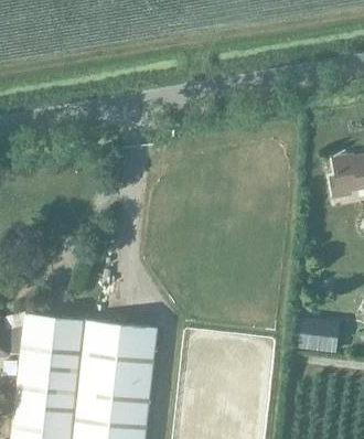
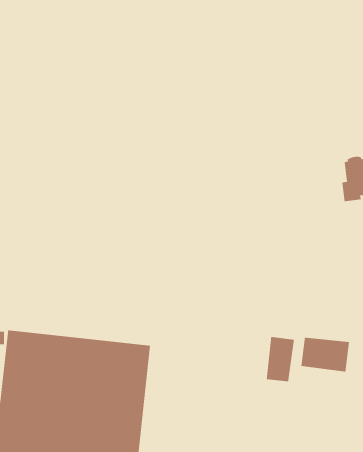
building: none -> [266,336,294,382]

